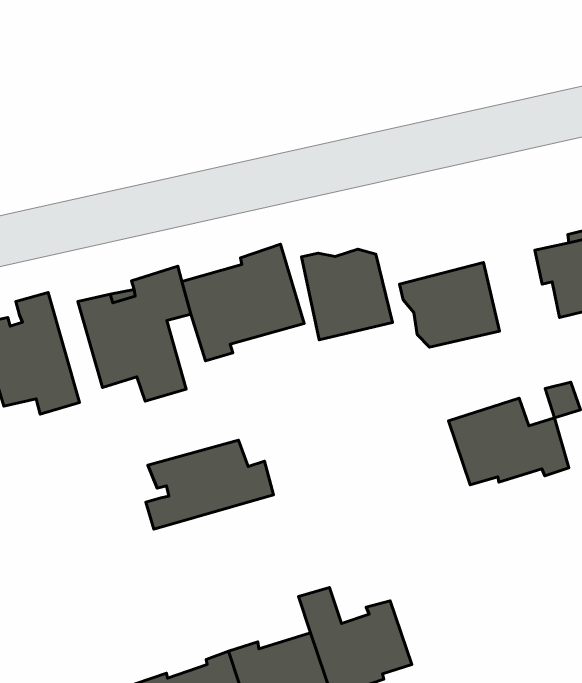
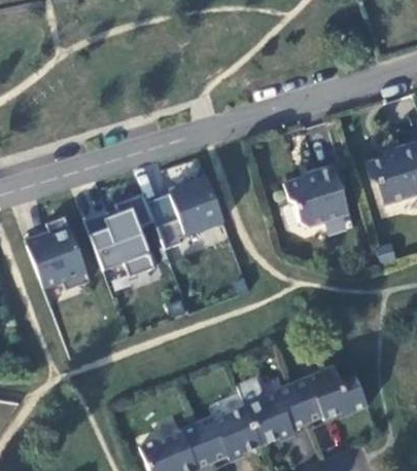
building: [302,249,392,340] -> none
building: [449,398,569,485] -> [291,368,368,424]
building: [146,440,274,529] -> none

